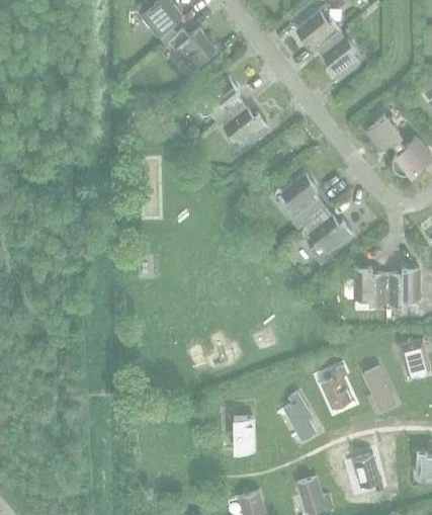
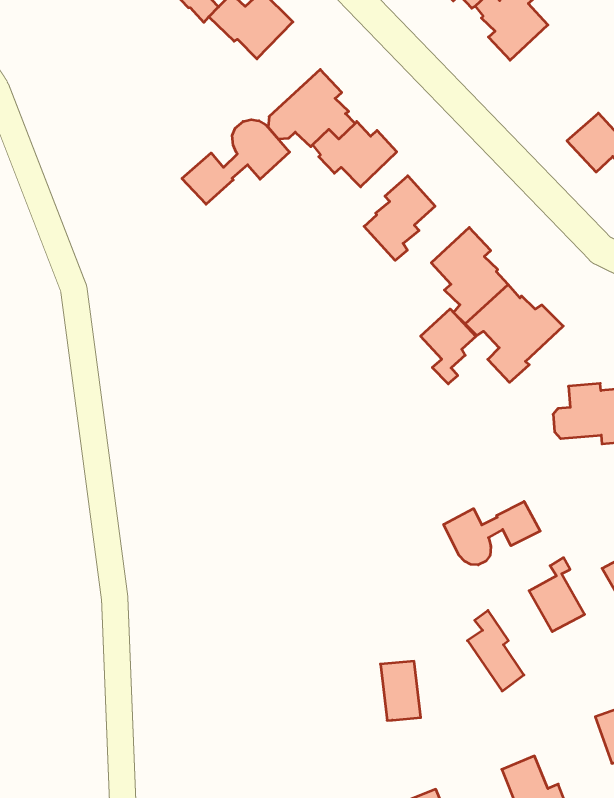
building: none -> [182,120,290,204]
building: none -> [364,176,435,260]
building: none -> [421,309,476,384]
building: none -> [444,501,540,565]

